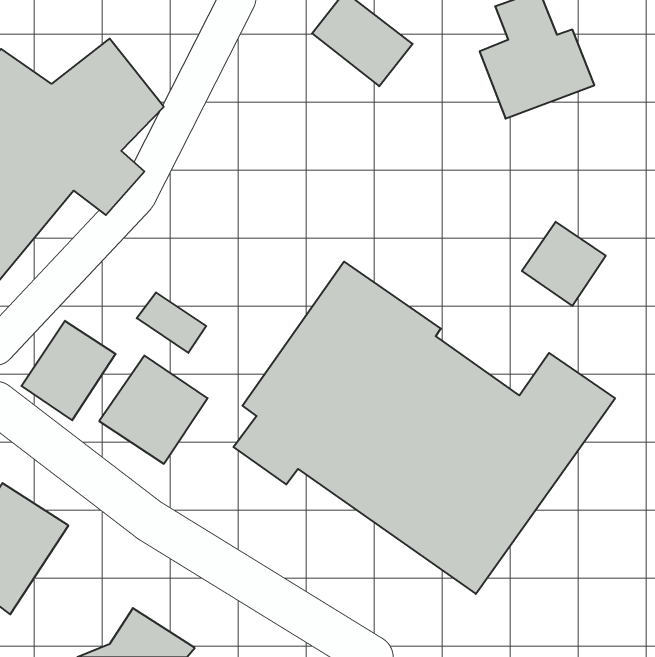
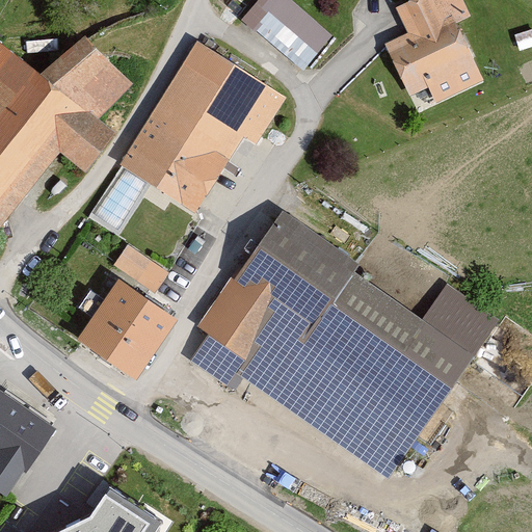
building: none -> [117,41,287,212]
building: [522,222,606,306] -> none
building: [21,321,116,420] -> none

